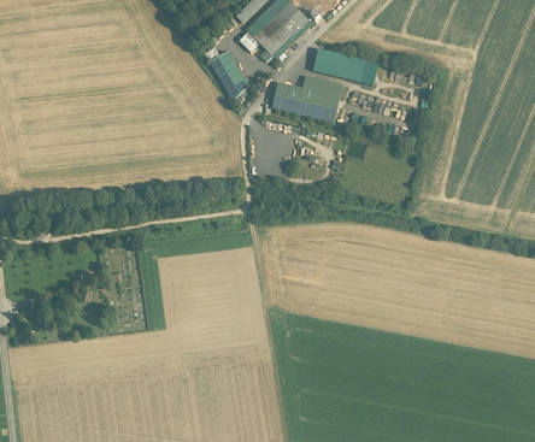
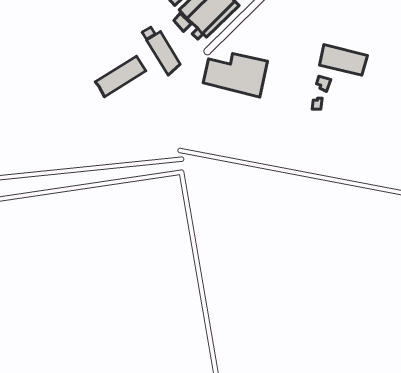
building: [313,47,366,81] -> [319,44,367,75]
building: none -> [95,56,146,97]

